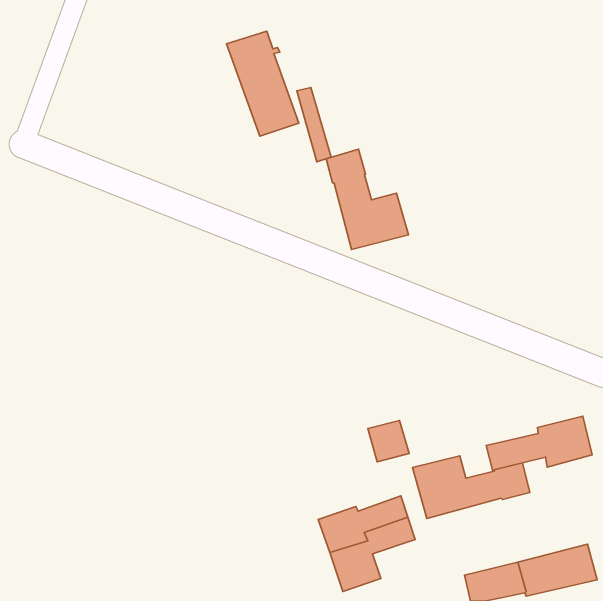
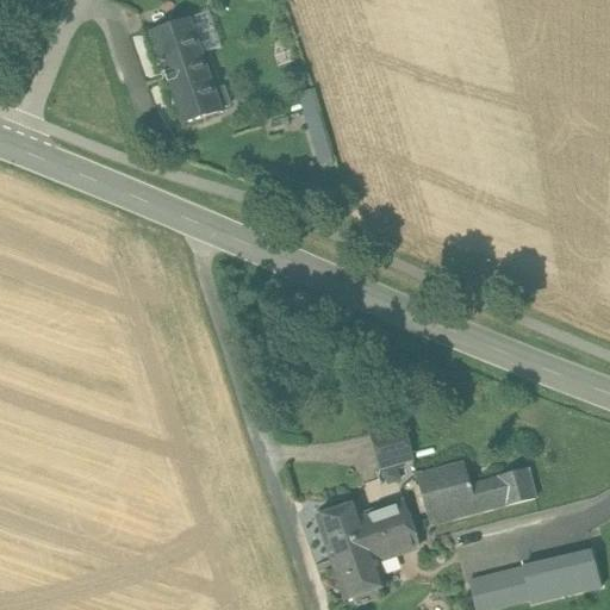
building: [227,31,299,136] -> [149,17,222,123]
building: [326,149,408,250] -> none
building: [486,416,592,470] -> none

